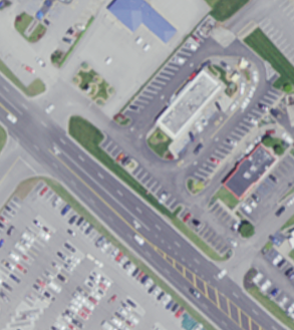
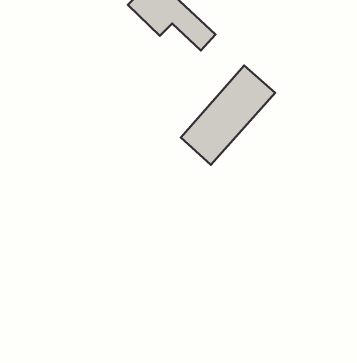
building: [220,142,276,202] -> none

